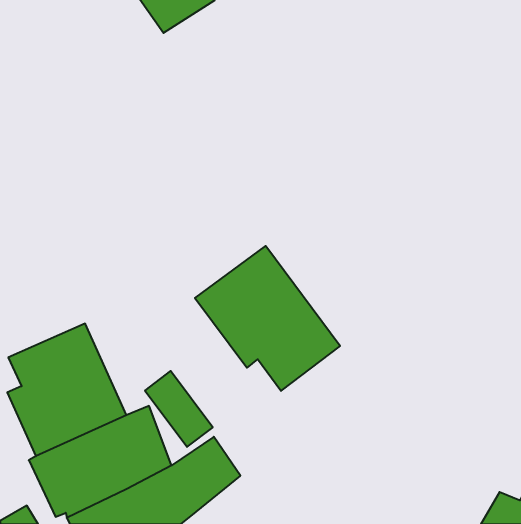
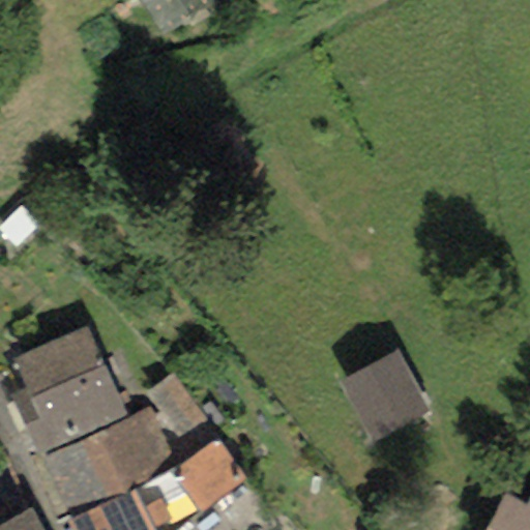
building: [195,246,340,391] -> none
building: none -> [333,346,432,445]

